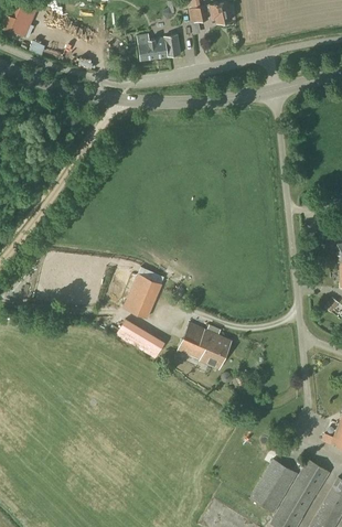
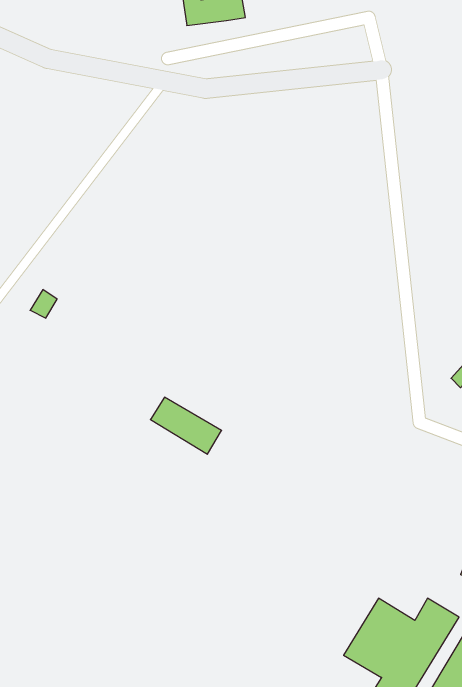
building: [124,268,163,319] -> none
building: [179,322,232,368] -> none

